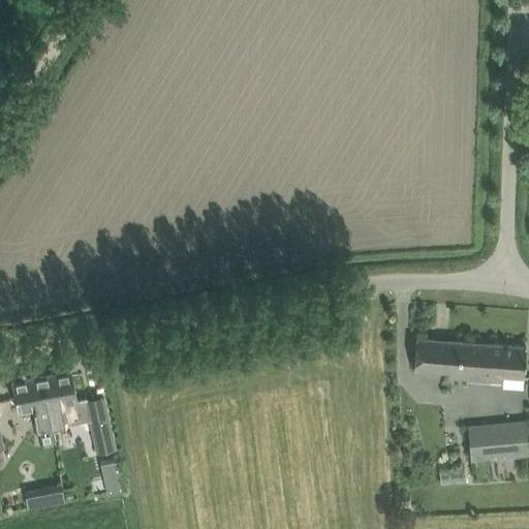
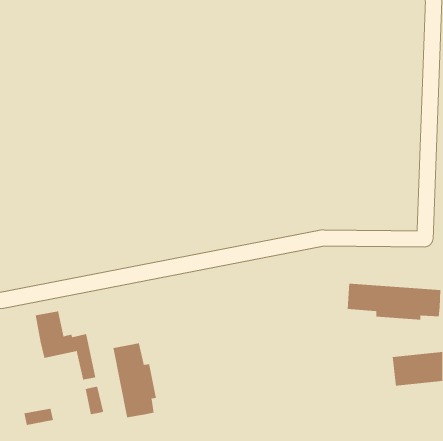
building: [11,377,54,446] -> none
building: none -> [113,342,156,418]

